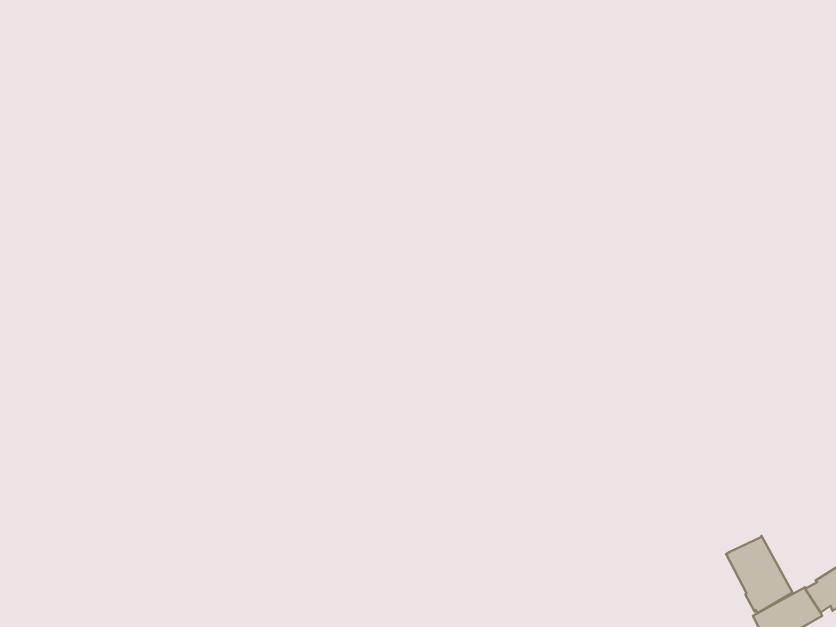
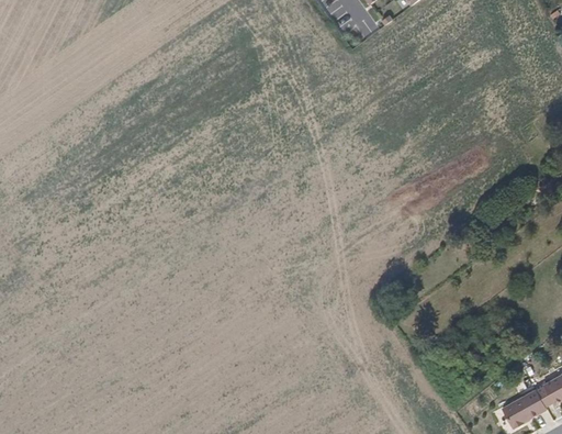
building: [726,536,793,613] -> none

